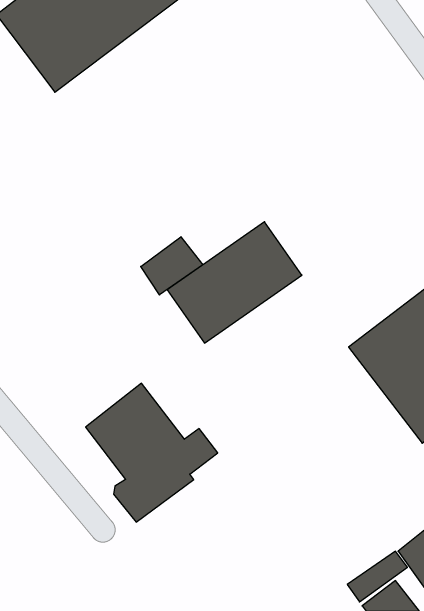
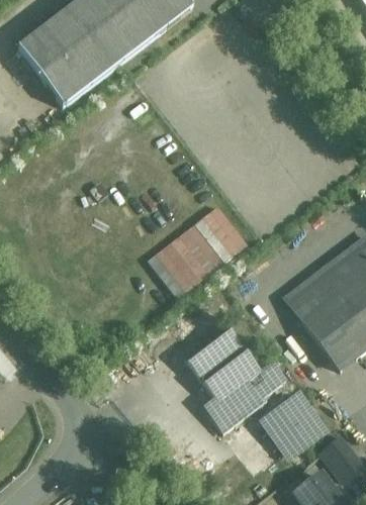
building: [141,237,203,295] -> none
building: [86,383,218,522] -> [185,328,285,433]
building: none -> [261,394,328,461]

